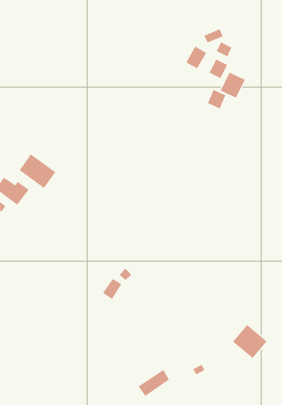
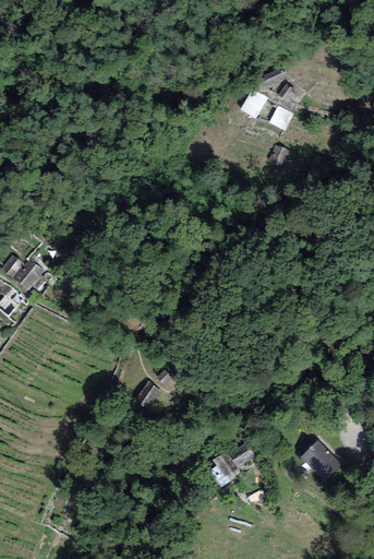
building: [220,72,245,99] -> none
building: [19,153,56,189] -> none
building: [138,369,170,397] -> [213,444,253,479]

